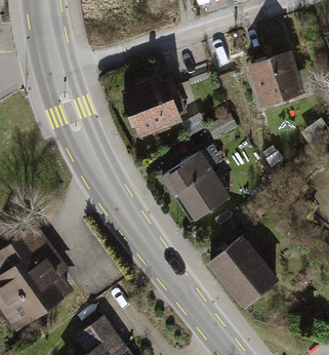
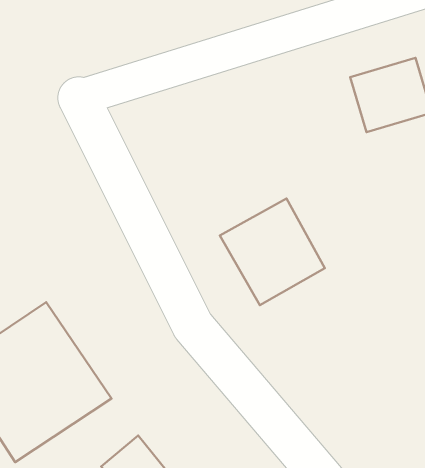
building: [121,79,186,142] -> none
building: [206,234,279,309] -> none

